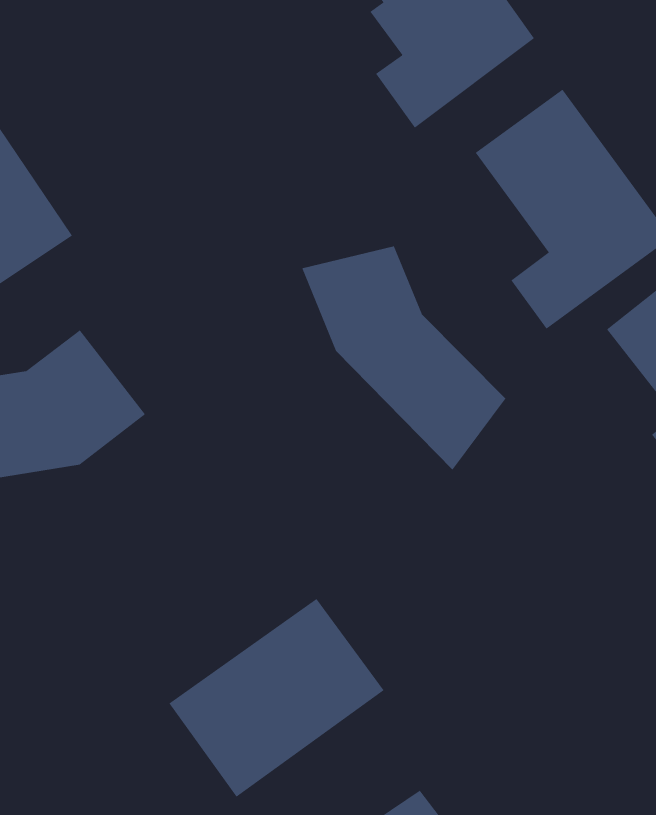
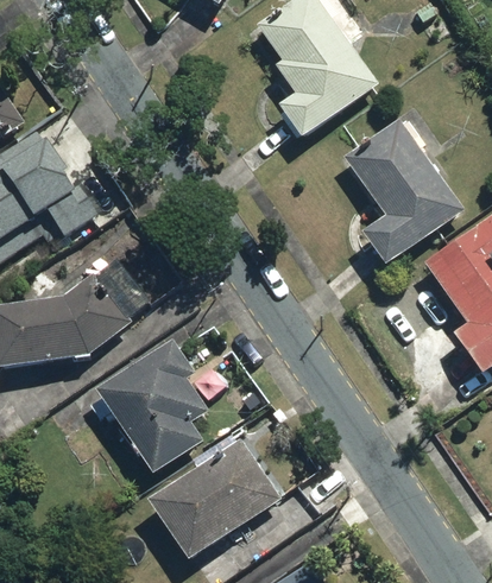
building: [302,245,506,471] -> none
building: none -> [96,338,209,475]

